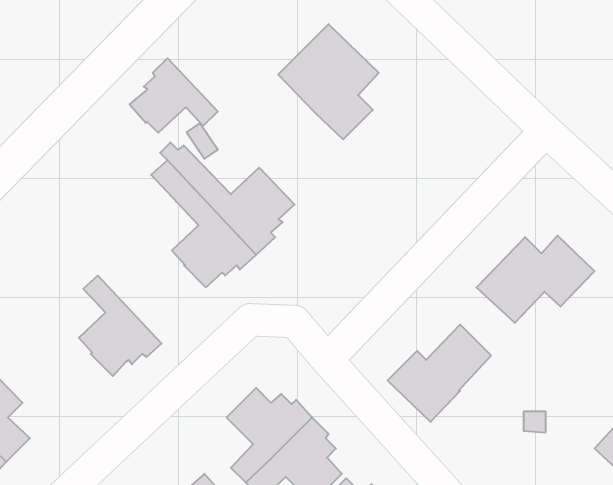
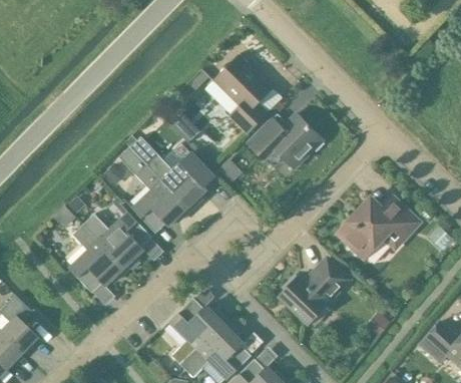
building: [130,58,218,133] -> none
building: none -> [246,112,326,167]
building: none -> [82,211,151,271]

